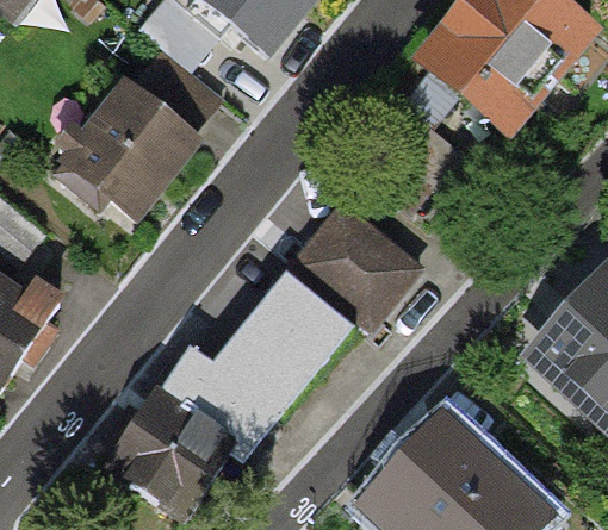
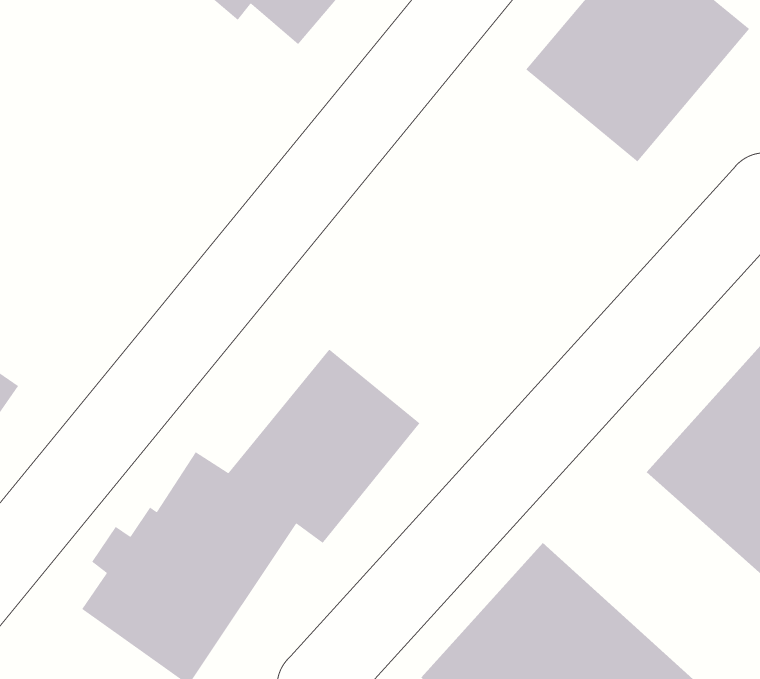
building: [57,80,200,214] -> none
building: [299,202,421,322] -> none

